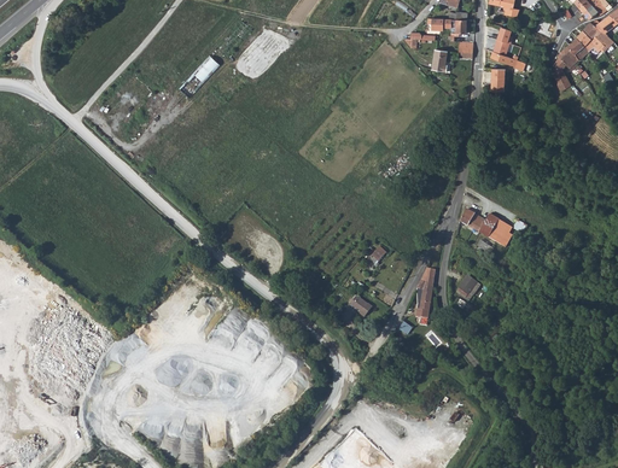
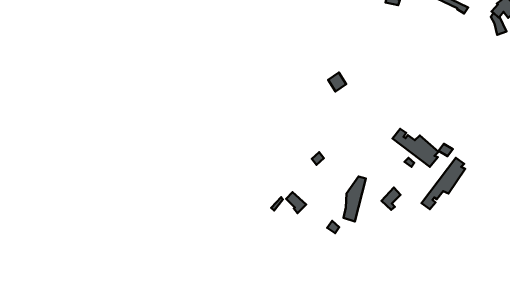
building: none -> [421,158,465,209]

